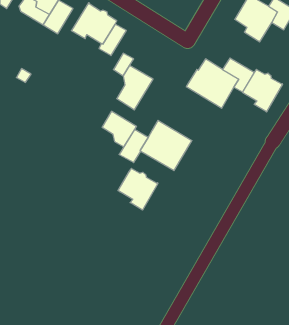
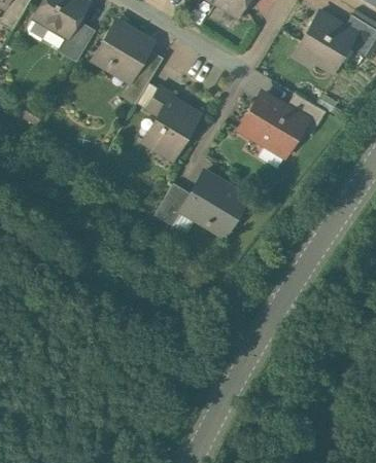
building: [243,69,283,112] -> none
building: [102,111,136,147] -> none
building: [118,168,158,210] -> none

